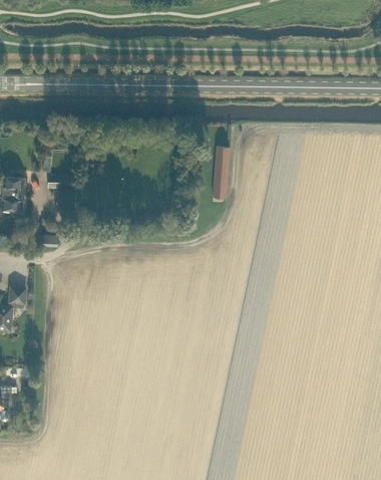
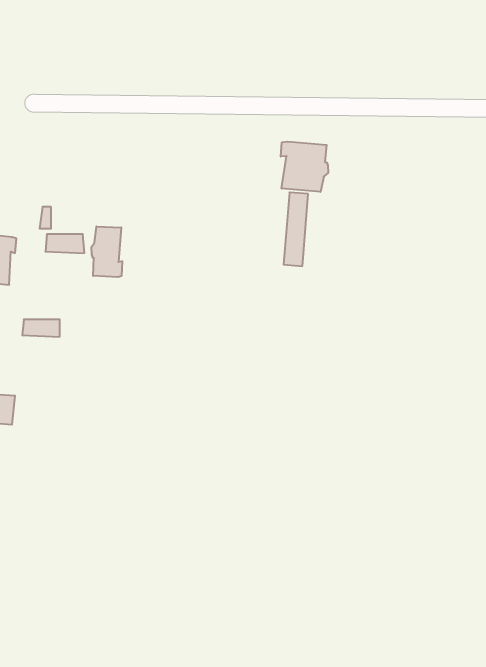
building: none -> [281,142,328,192]
building: none -> [92,226,122,277]

